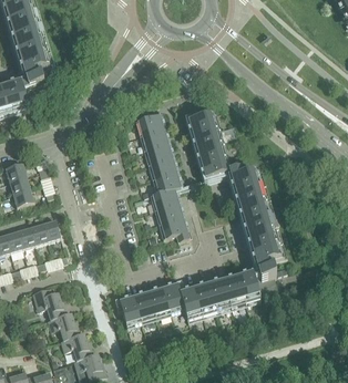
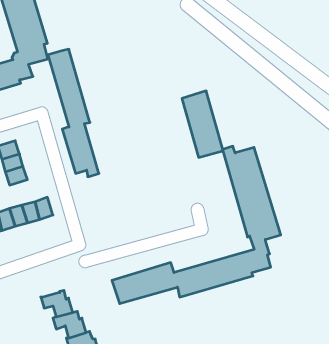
building: [137,114,188,241] -> [48,49,99,177]
building: [32,288,66,319] -> none

